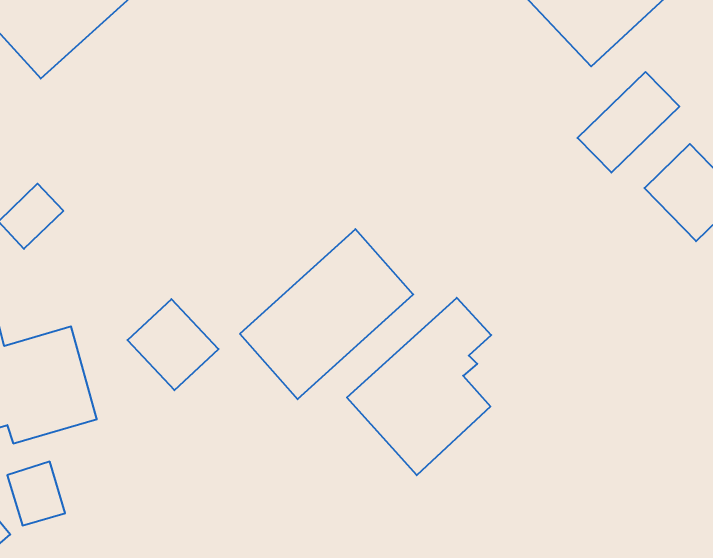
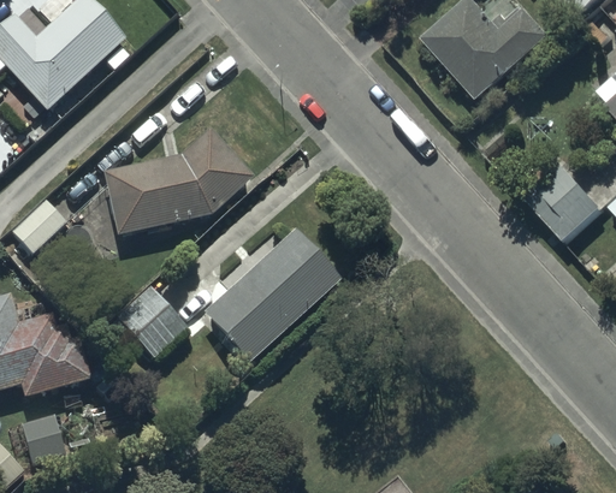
building: [577,72,679,173] -> none
building: none -> [103,129,253,236]
building: [347,298,491,475] -> none

